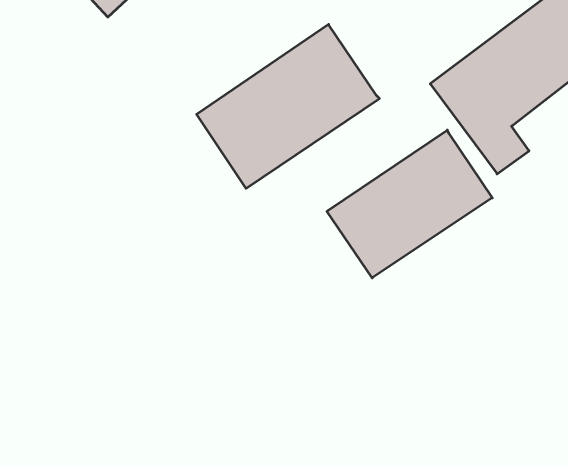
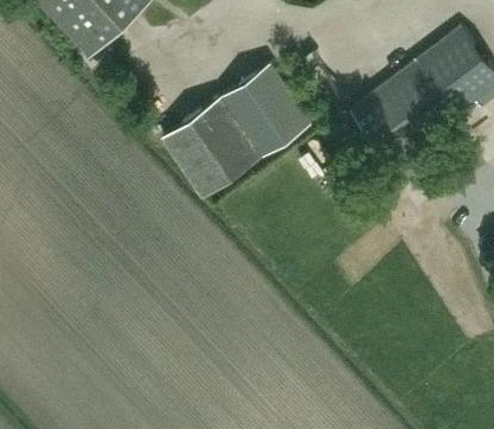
building: [327,130,492,278] -> none

